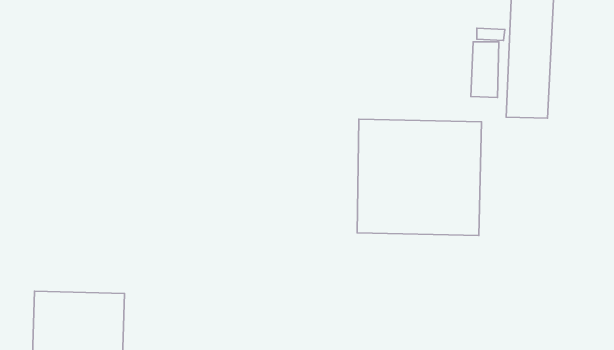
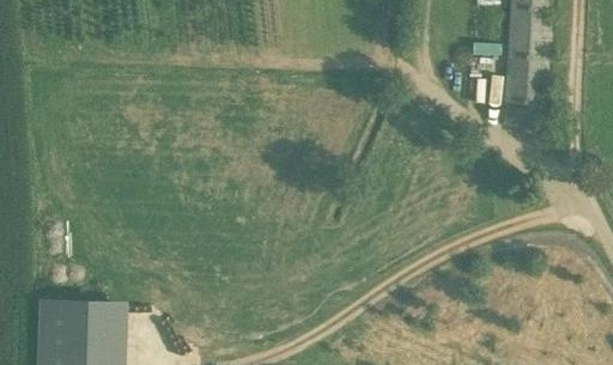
building: [357,119,482,236] -> none

